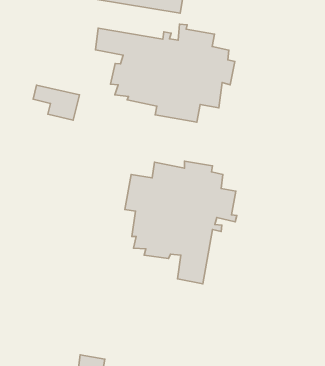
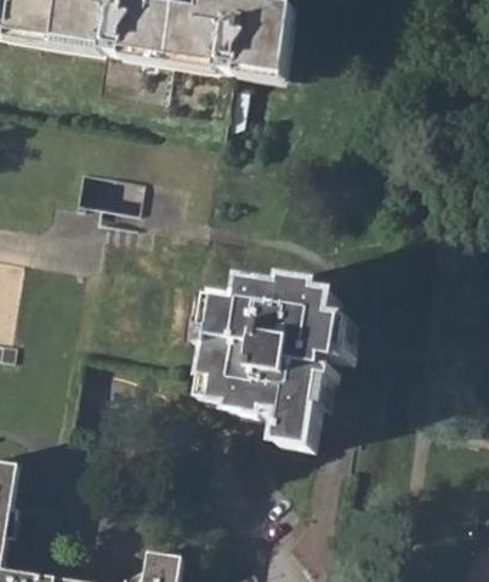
building: [95,24,235,122] -> none

